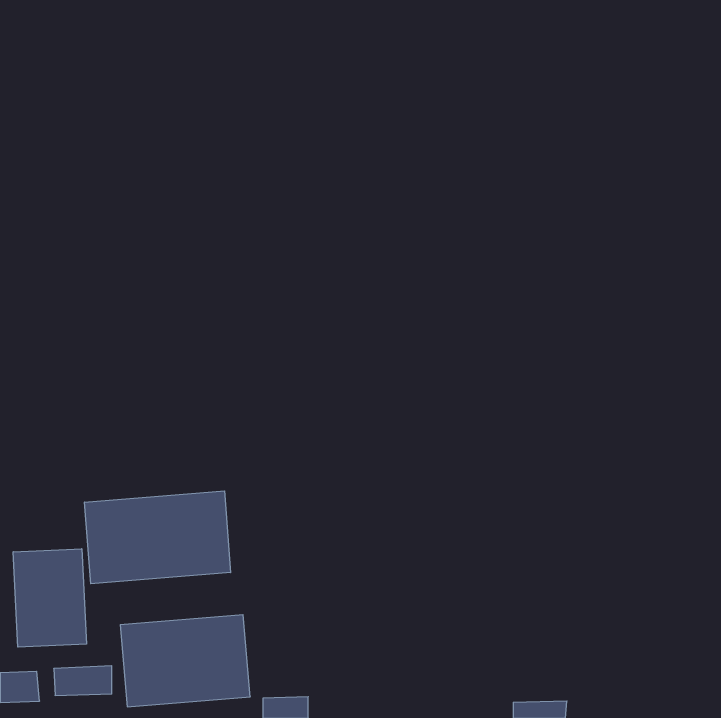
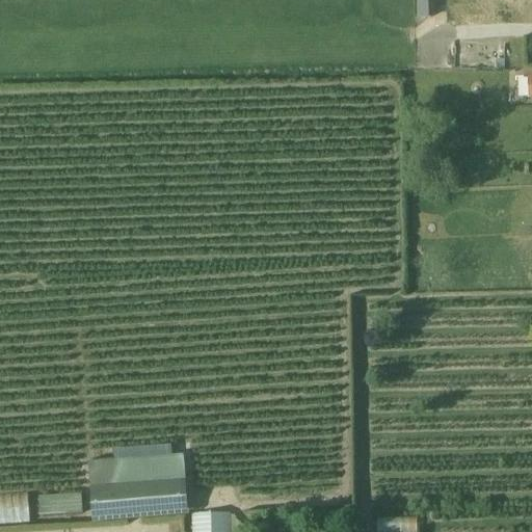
building: [85,491,231,584] -> none
building: [13,549,86,647] -> none

